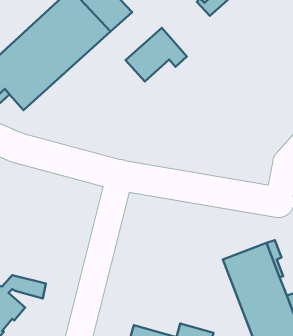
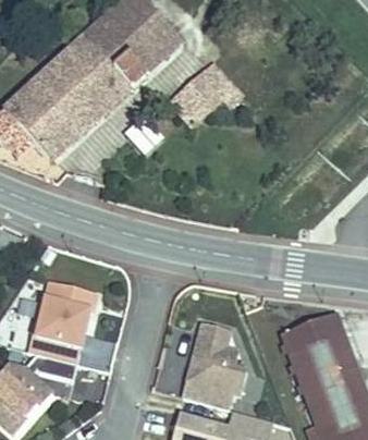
building: none -> [26,281,96,363]
building: none -> [182,322,246,408]

